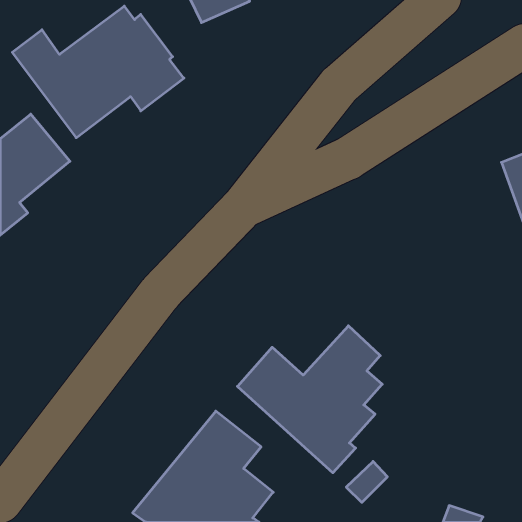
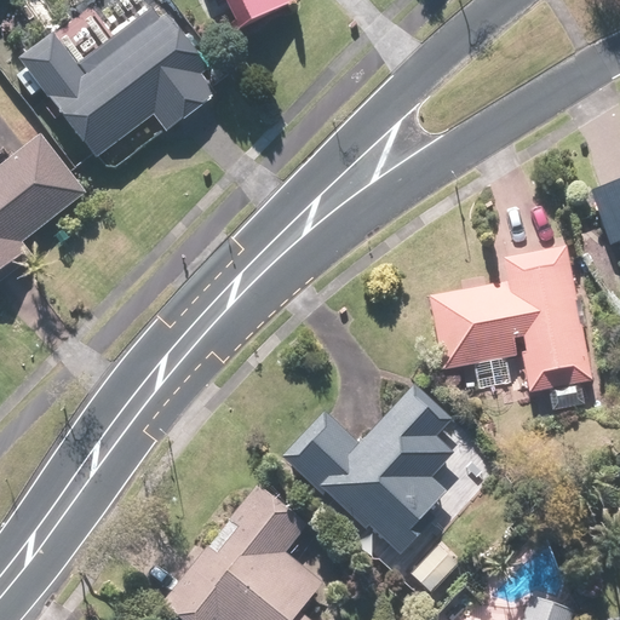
building: none -> [429,247,592,391]

